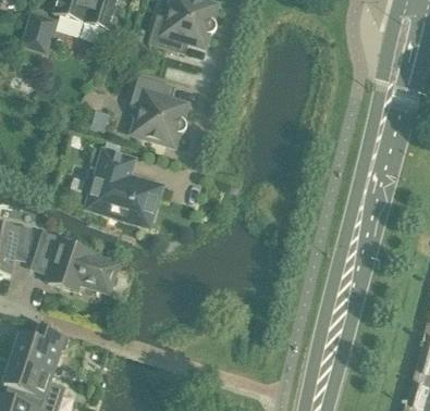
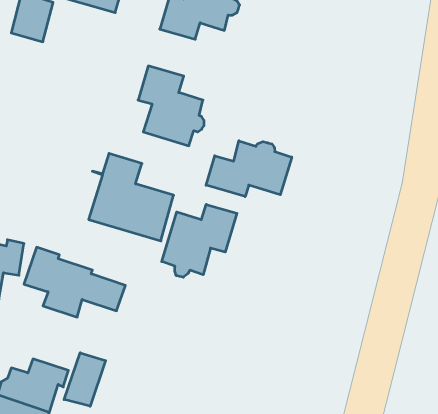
building: none -> [206,141,292,197]
building: none -> [162,204,237,277]
building: none -> [64,353,106,406]

